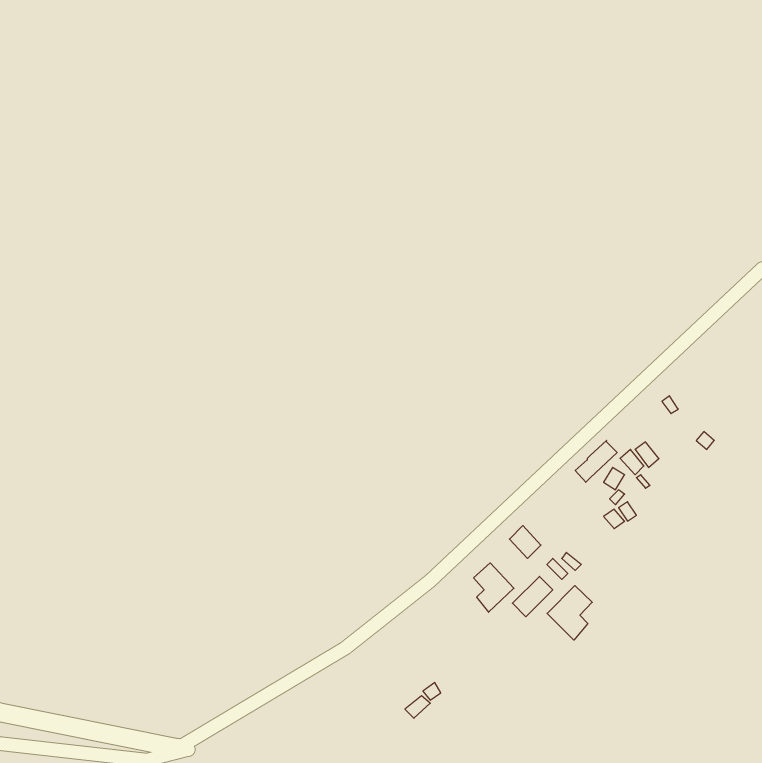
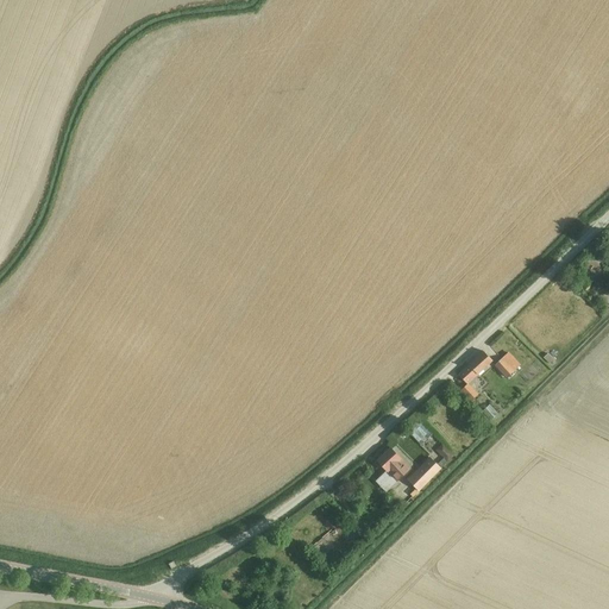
building: [547,586,592,640] -> none

